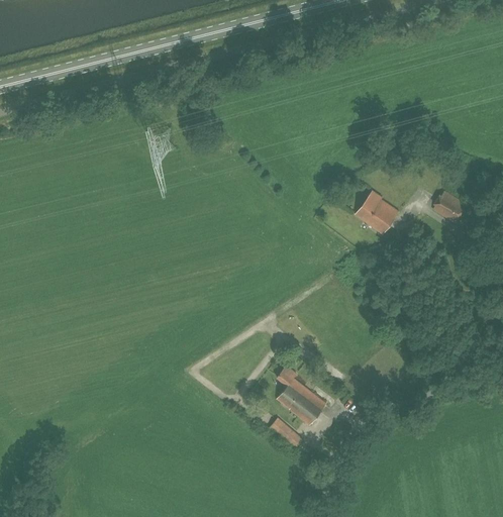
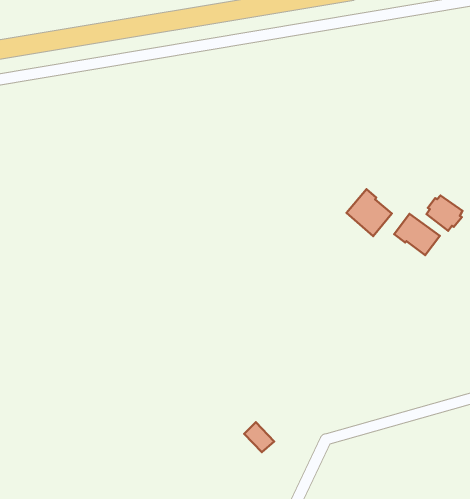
building: none -> [394,214,440,255]
building: [276,365,325,424] -> none

